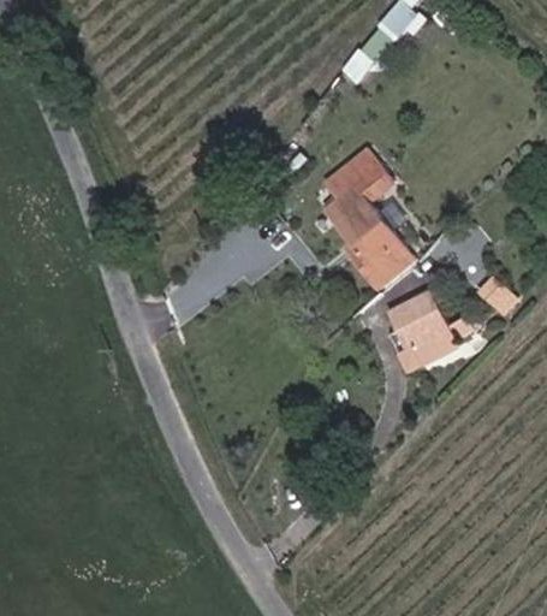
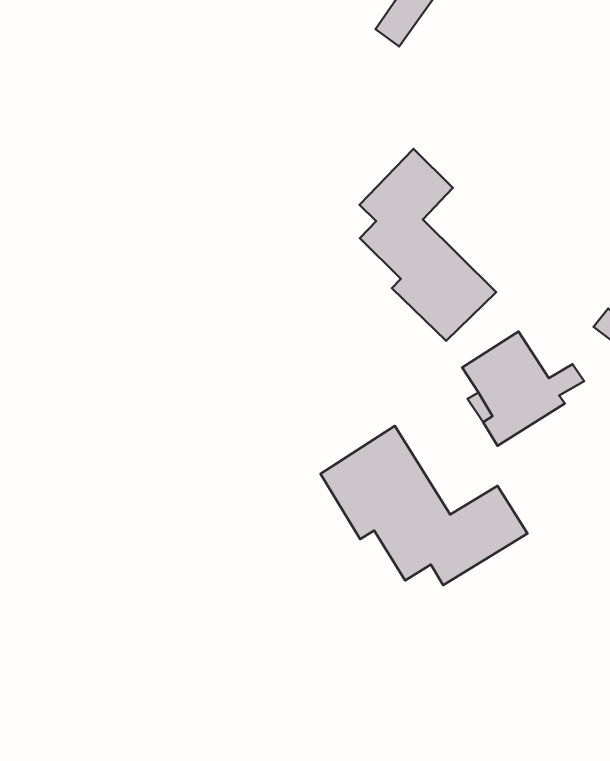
building: none -> [321,426,527,585]

